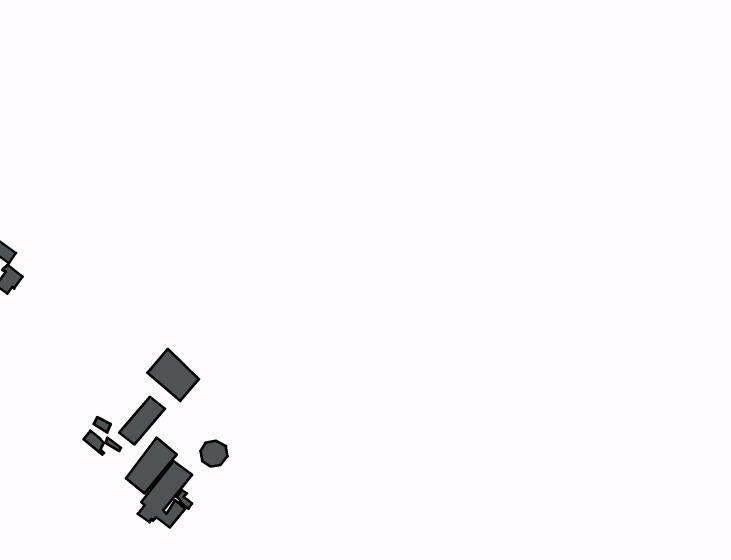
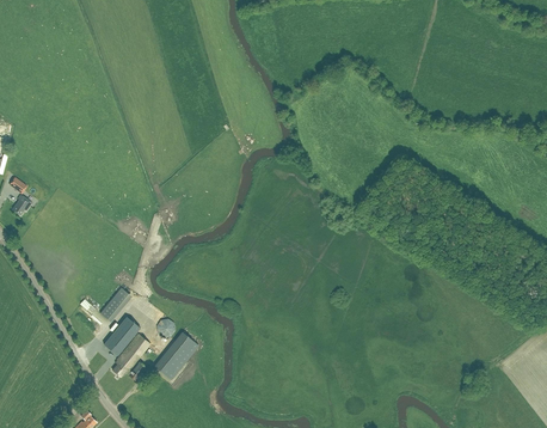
building: [147,349,199,401] -> none
building: none -> [154,331,198,379]

